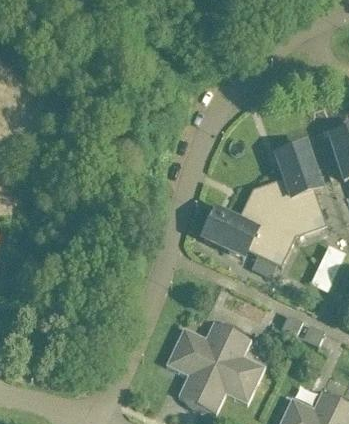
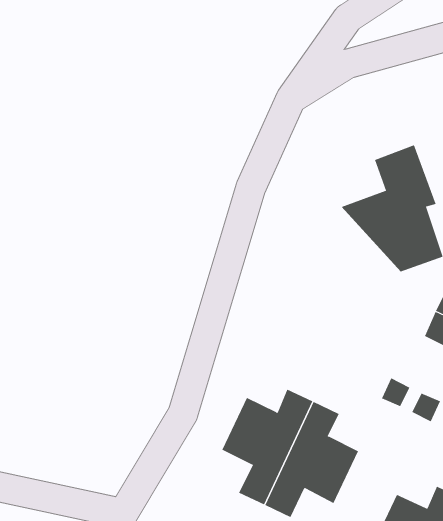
building: [203,190,295,267] -> none

